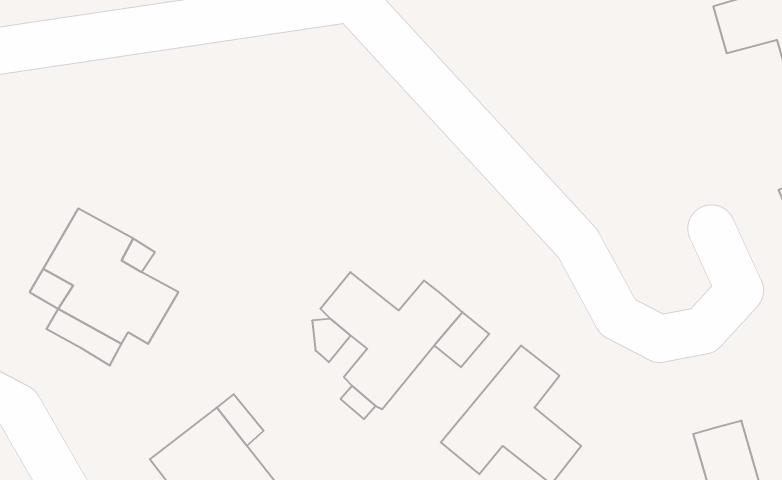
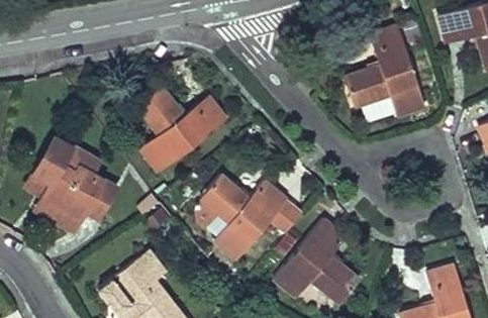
building: none -> [345,26,425,116]
building: none -> [136,86,226,172]

